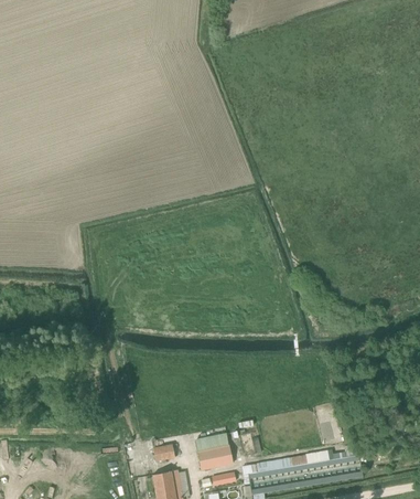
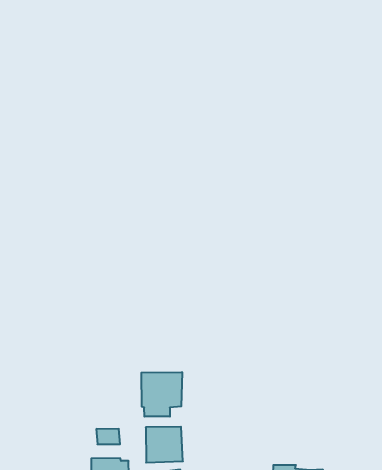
building: none -> [141,372,182,417]

